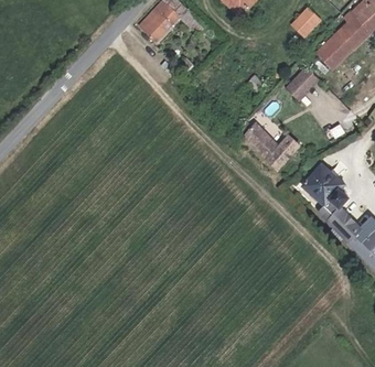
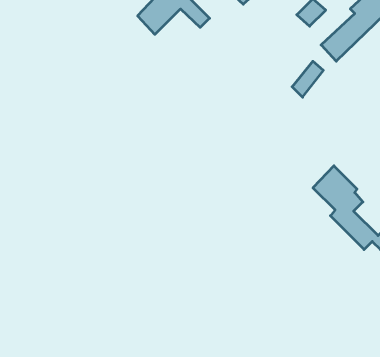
building: [246,128,301,171] -> none

